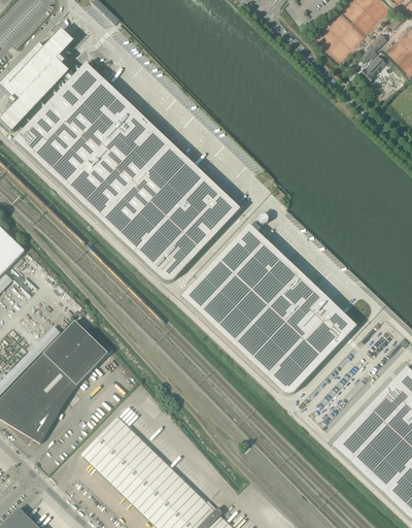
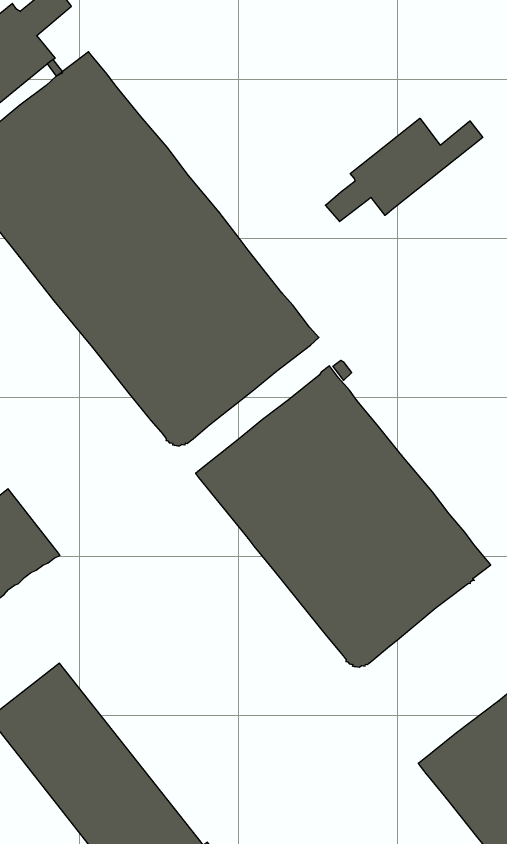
building: none -> [325,118,483,222]

